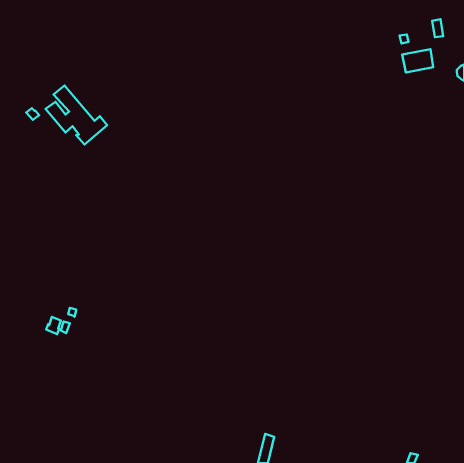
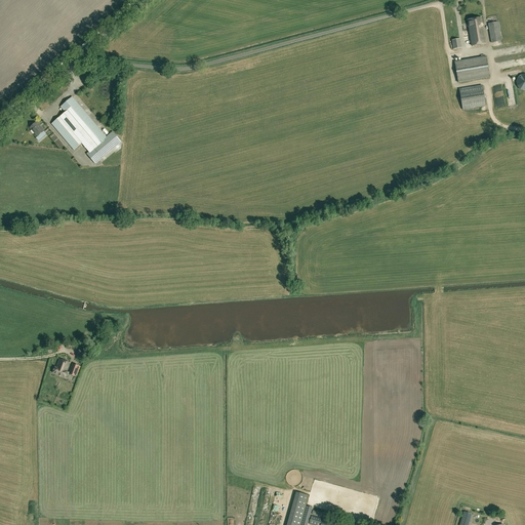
building: none -> [467,16,486,45]
building: none -> [459,85,485,109]

